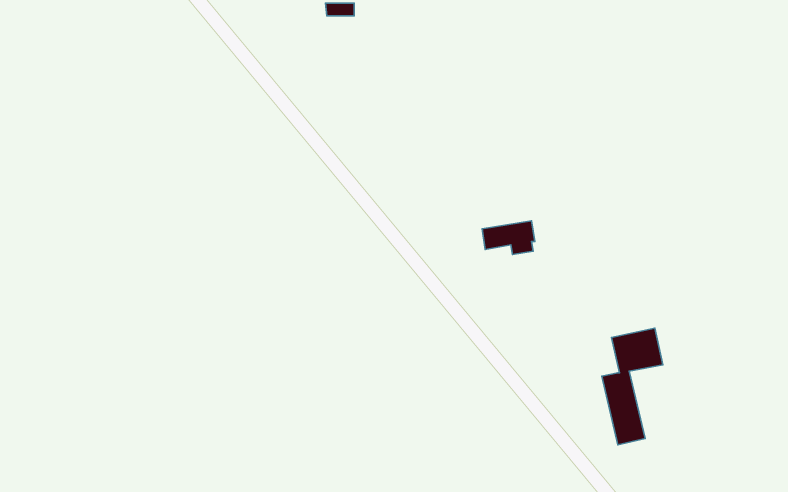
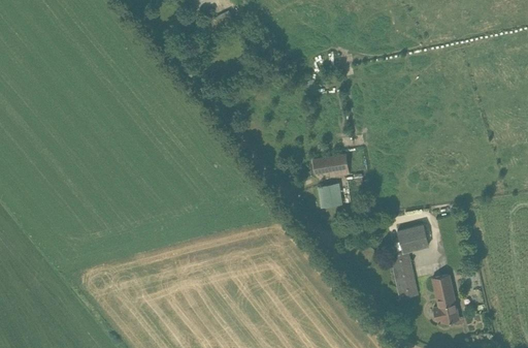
building: none -> [318,184,341,208]
building: none -> [431,274,458,322]

